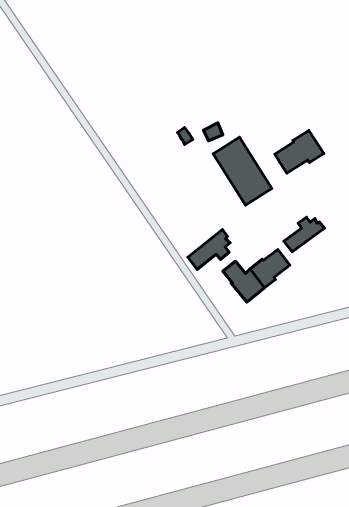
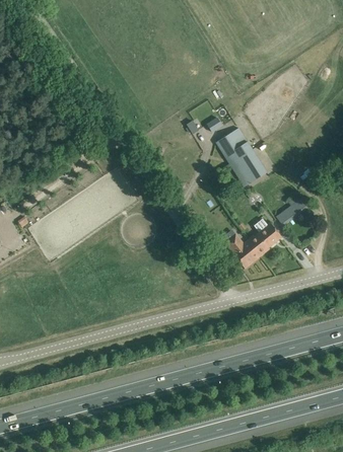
building: [275,130,324,173] -> none
building: [188,229,230,270] -> none

